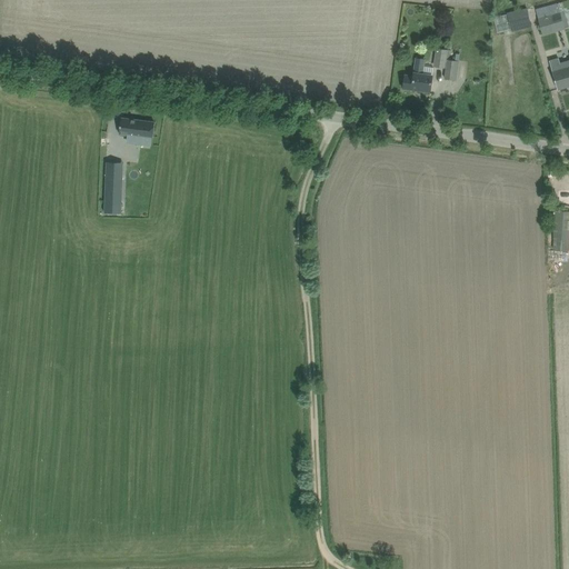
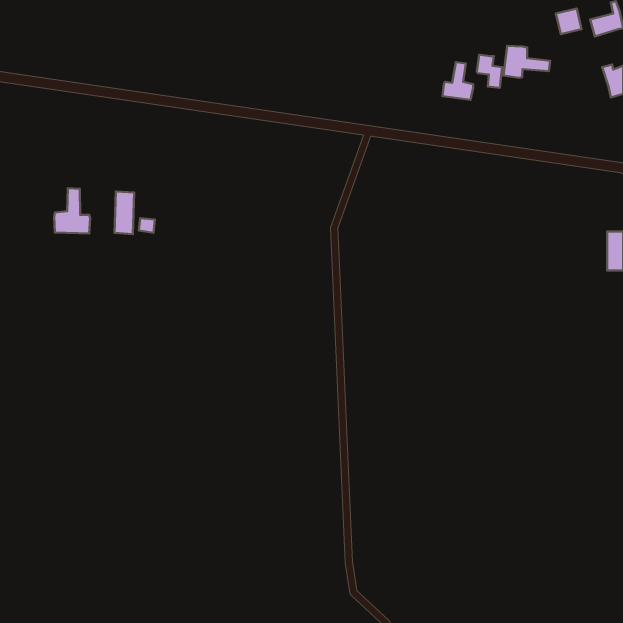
building: none -> [504,46,550,78]
building: [119,118,154,144] -> none
building: none -> [54,188,90,233]

